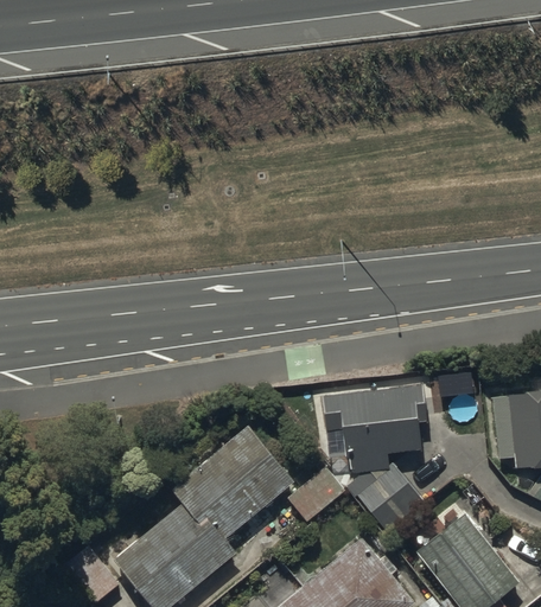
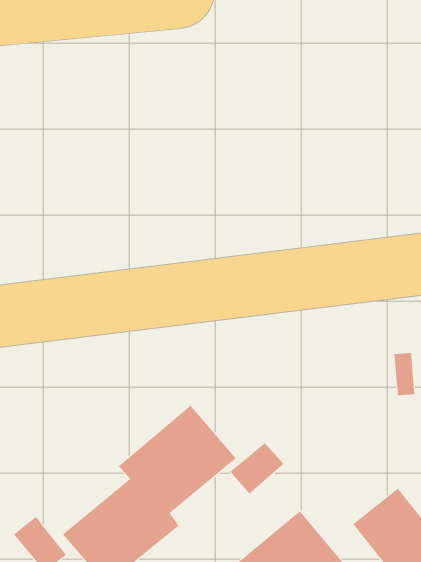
building: [320,386,426,531] -> none

